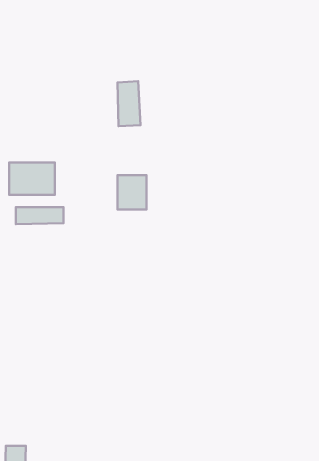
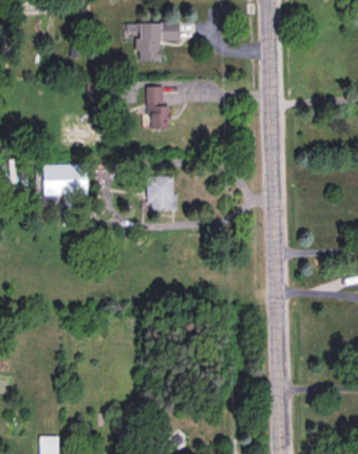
building: none -> [137,22,178,62]
building: [16,207,64,224] -> none

